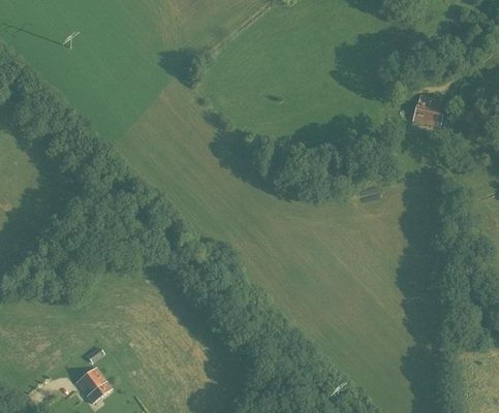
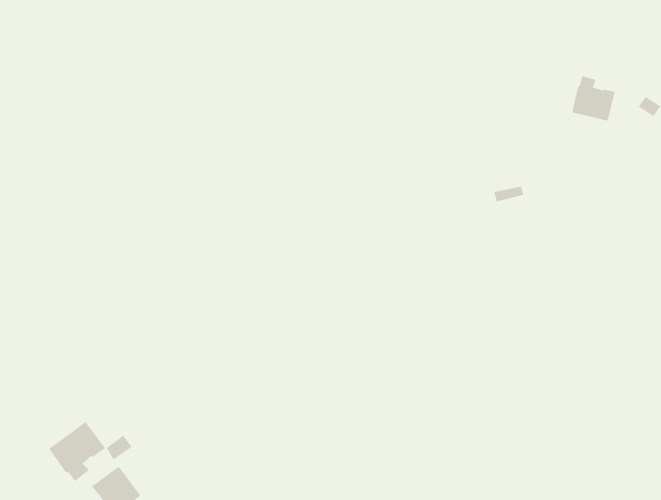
building: none -> [48,421,106,482]

